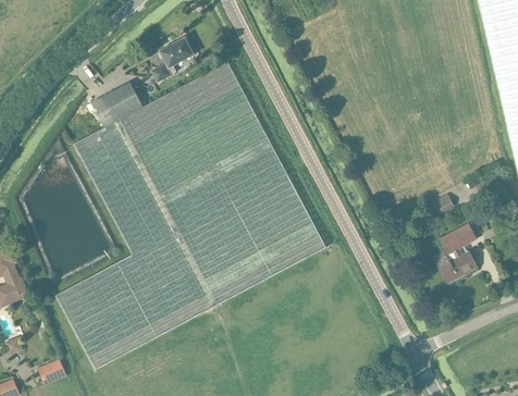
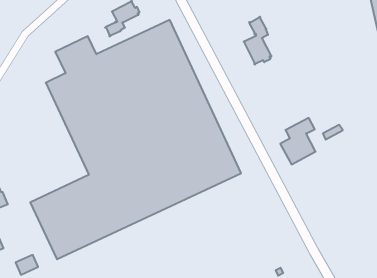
building: none -> [244,17,272,65]
building: [432,224,477,283] -> [280,118,316,164]

